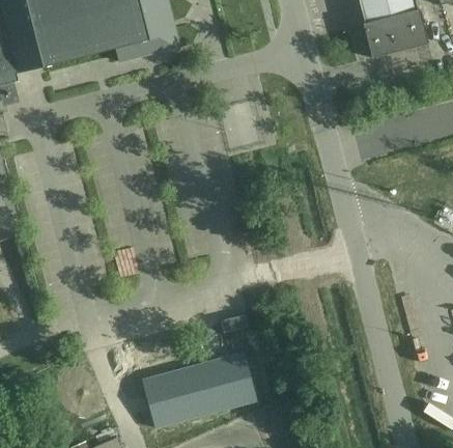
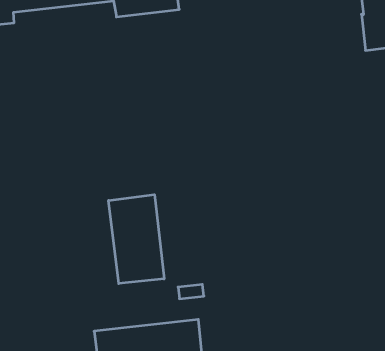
building: none -> [109,195,164,284]

